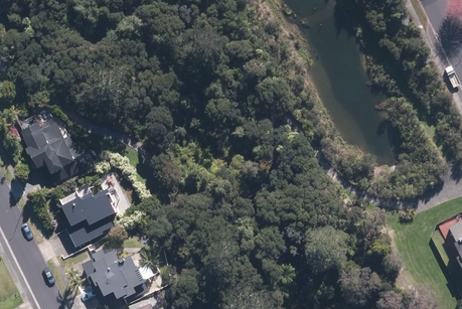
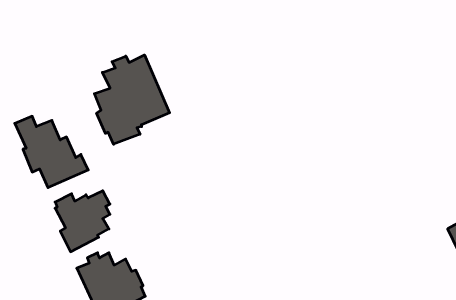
building: none -> [94,55,170,144]

